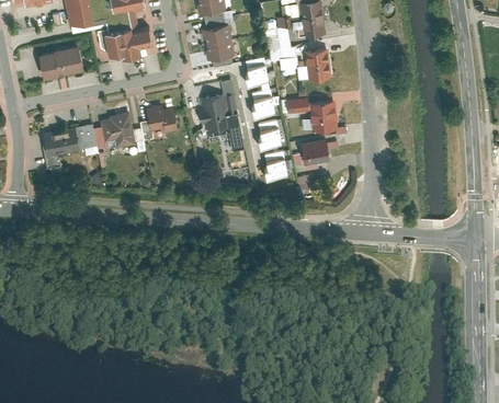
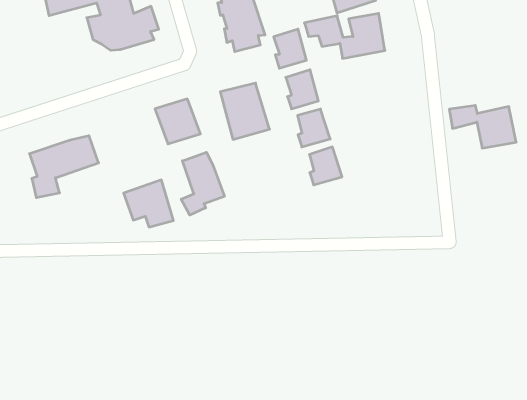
building: [39,45,86,80] -> none
building: [288,99,339,133] -> [449,105,516,148]
building: [100,113,137,149] -> [124,180,173,227]
building: [303,140,332,166] -> none
building: none -> [181,152,224,215]

